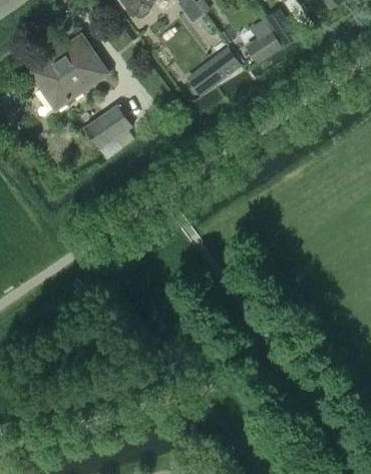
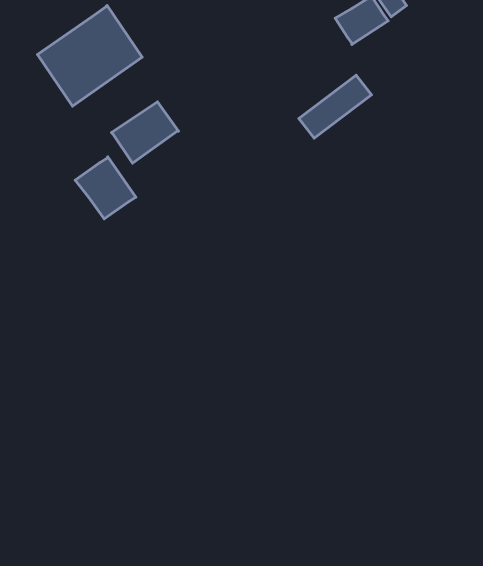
building: [188,49,240,94] -> [299,75,372,138]
building: none -> [75,157,136,219]

